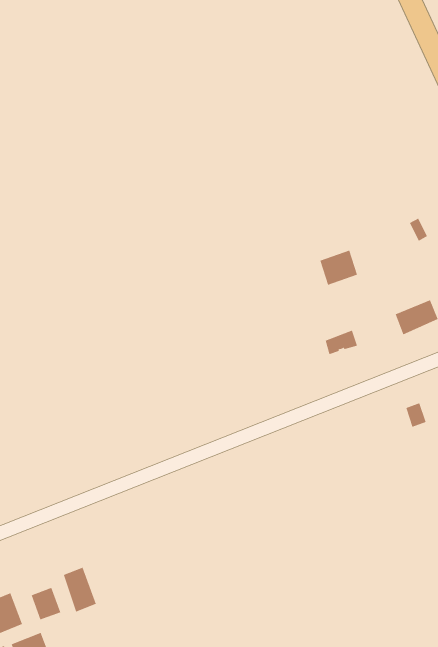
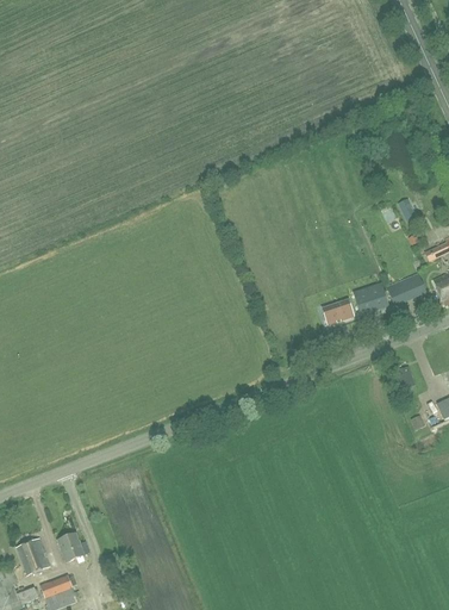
building: [319,250,358,285] -> [354,282,388,315]
building: [63,567,97,612] -> none

